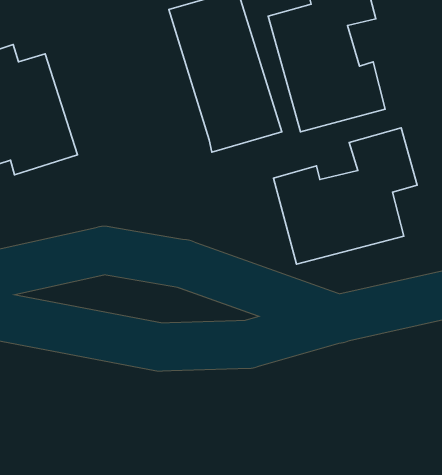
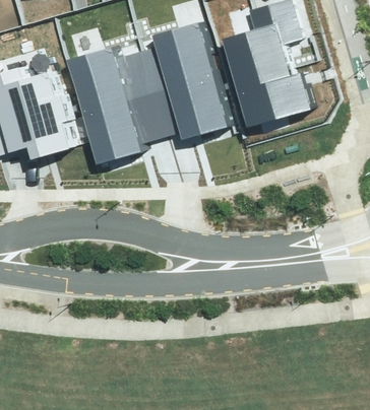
building: none -> [65,47,179,165]
building: [273,128,417,264] -> none

